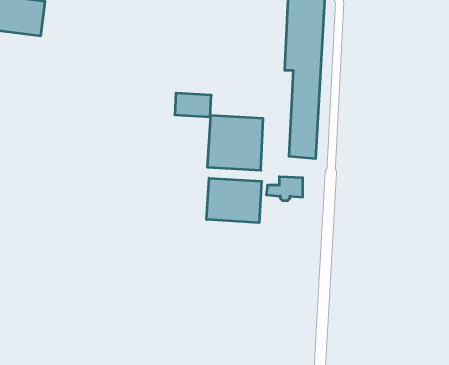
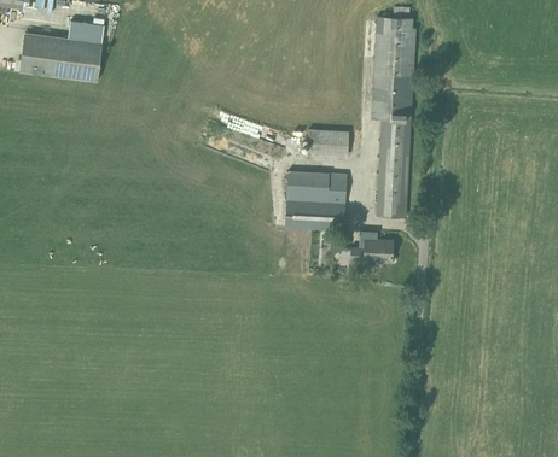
building: [175,93,211,117] -> [307,129,348,156]
building: [207,178,262,223] -> none

